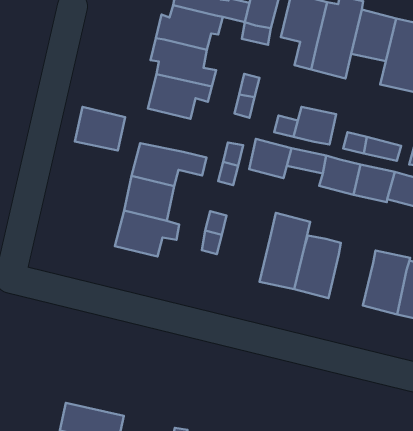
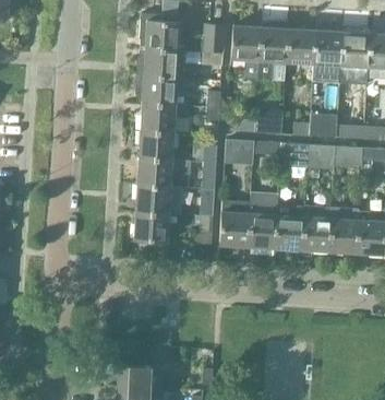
building: [75,107,125,150] -> [139,131,173,160]
building: none -> [219,200,250,248]
building: none -> [302,207,332,252]

